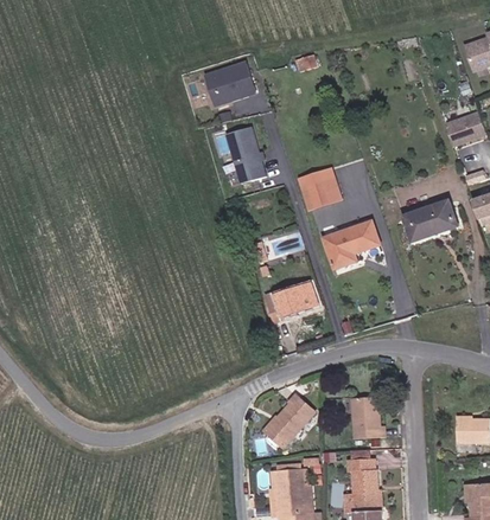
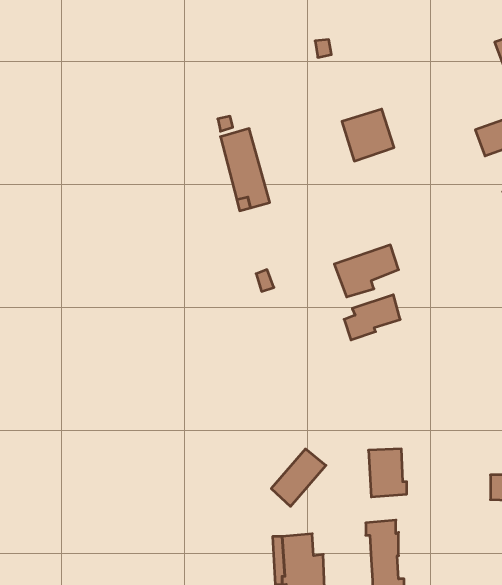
building: [205,62,254,104] -> none
building: [300,166,345,211] -> [342,109,394,161]
building: [402,203,456,242] -> none
building: [269,282,318,321] -> [344,295,400,340]

